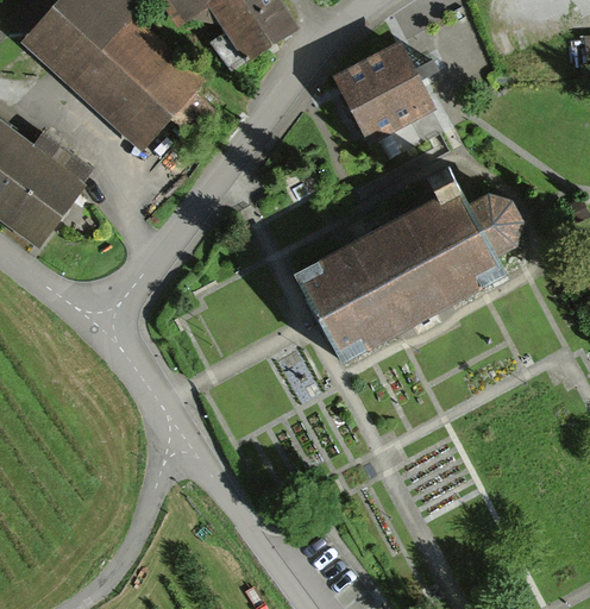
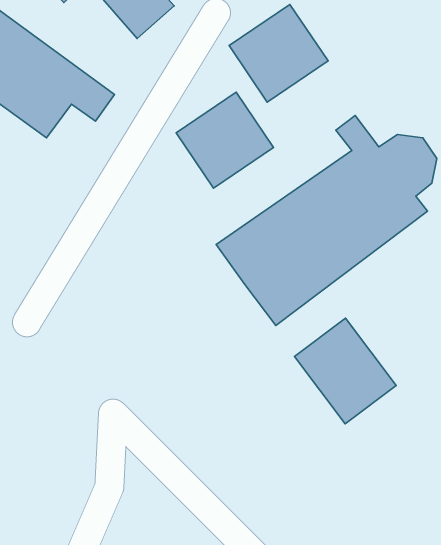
building: none -> [176,92,274,188]
building: none -> [294,318,396,424]

